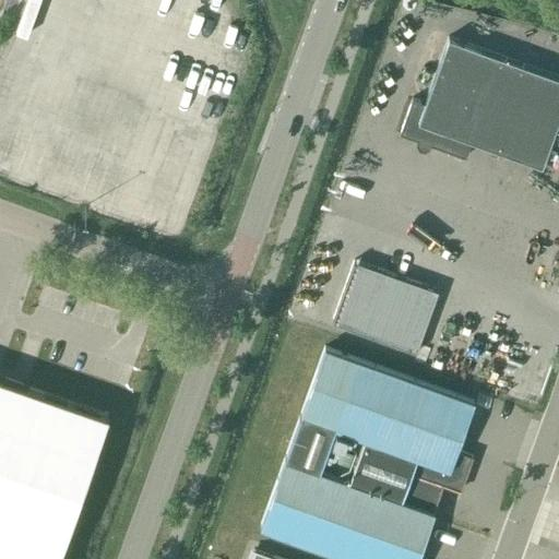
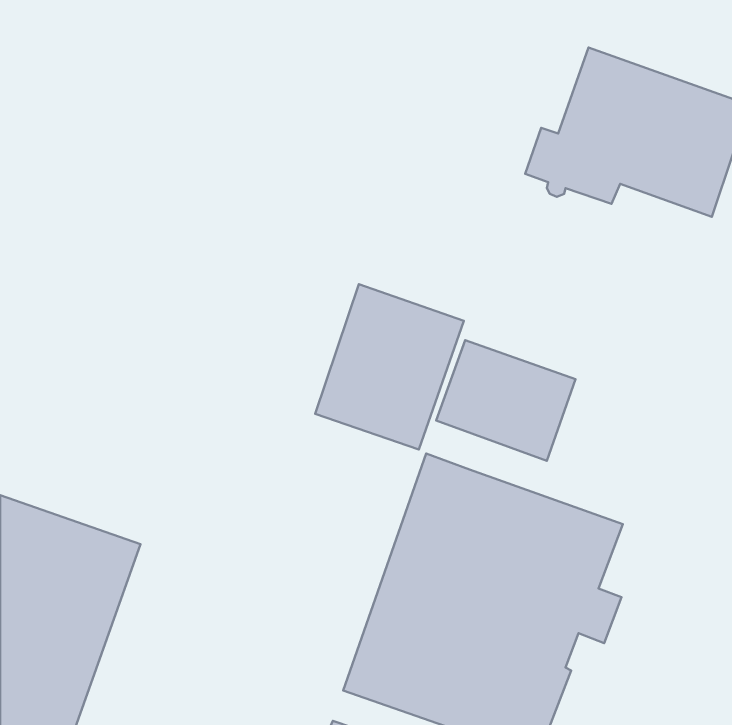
building: none -> [315,284,464,450]

